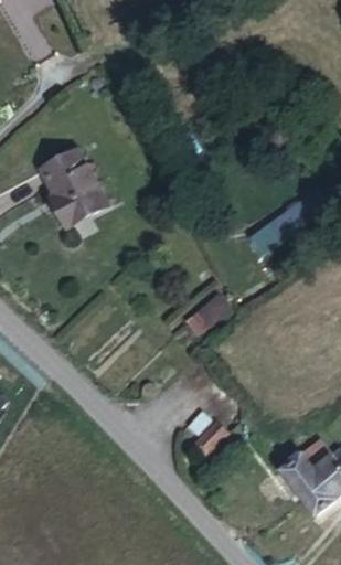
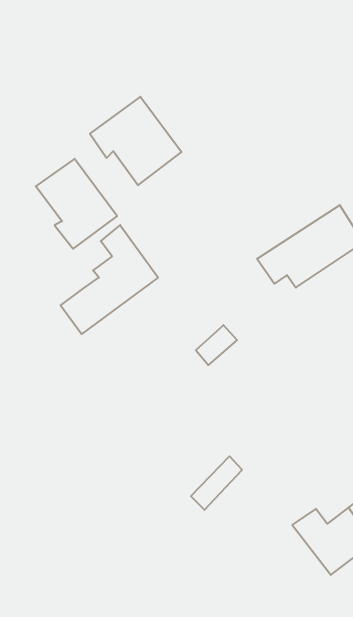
building: none -> [90,97,181,185]
building: none -> [61,225,158,334]

